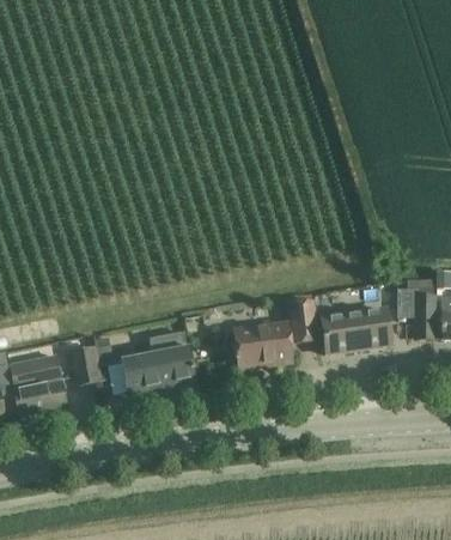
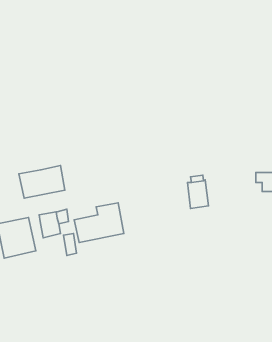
building: none -> [19,166,65,198]
building: [324,308,389,350] -> none
building: [233,320,291,364] -> none

